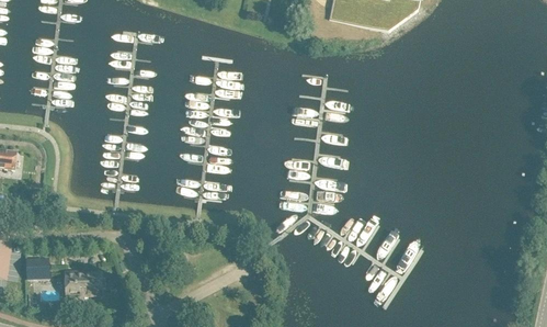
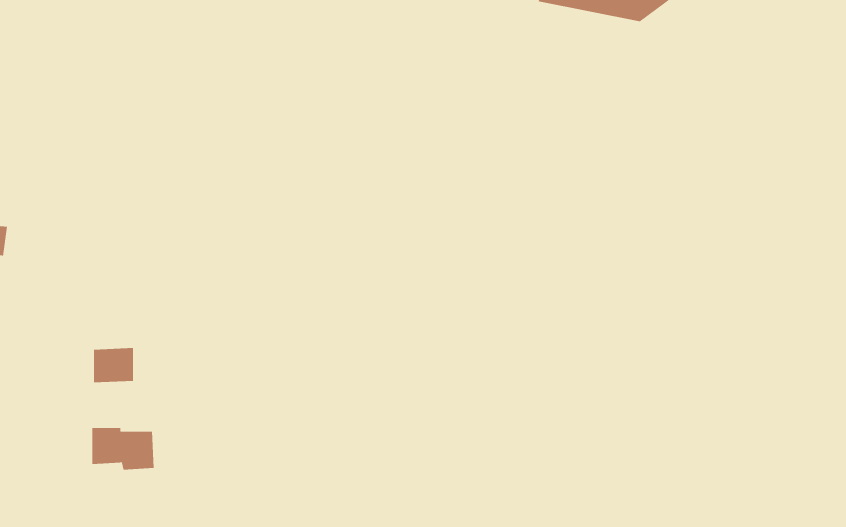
building: [26,256,50,277] -> [93,348,134,383]

